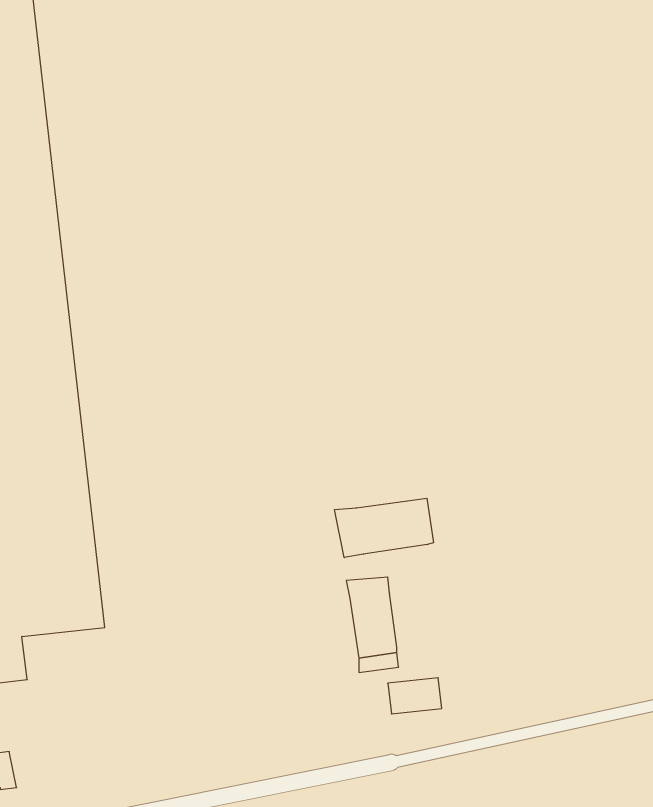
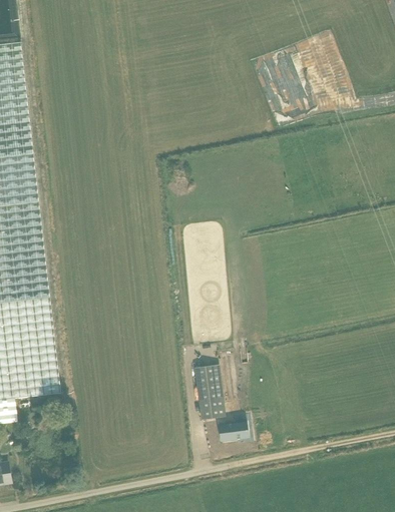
building: [335,498,433,558] -> none

